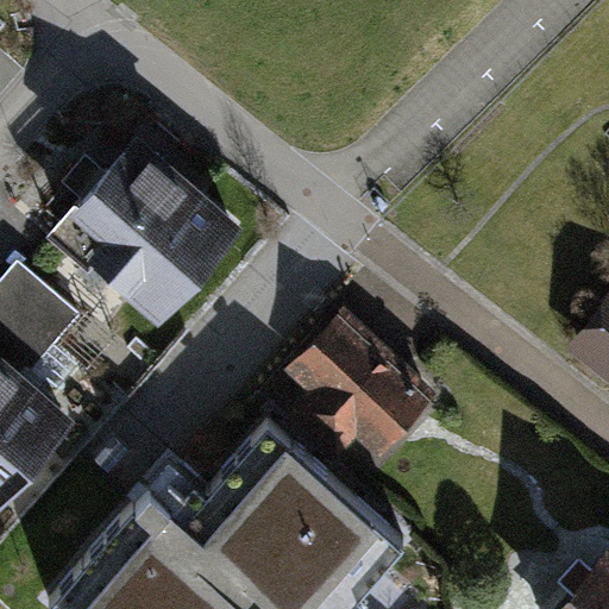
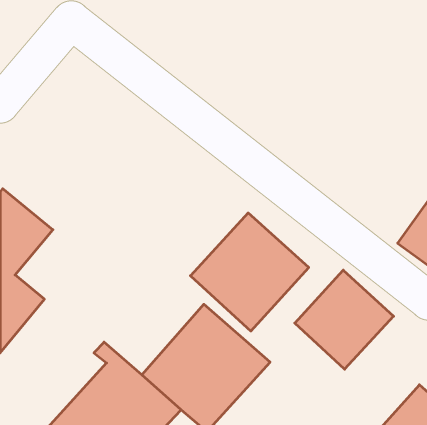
building: [45,144,238,334] -> none
building: none -> [295,270,394,369]

